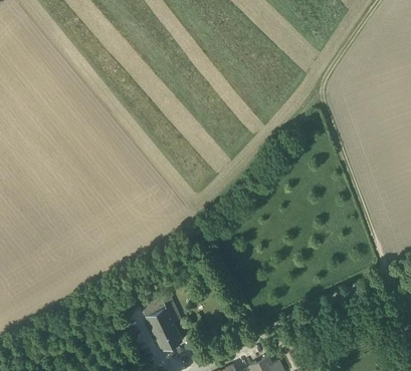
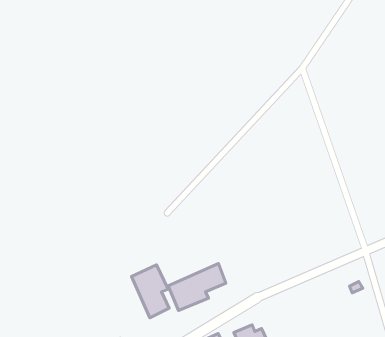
building: none -> [168,264,226,311]

